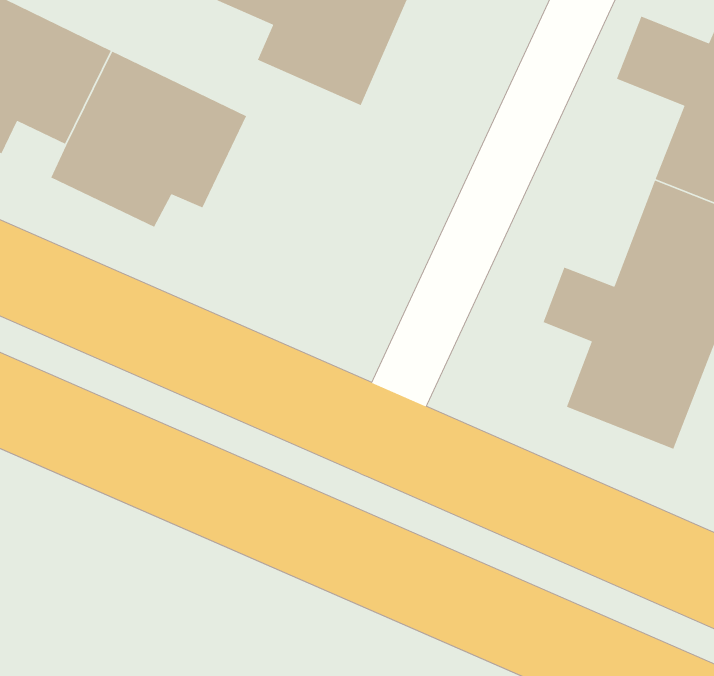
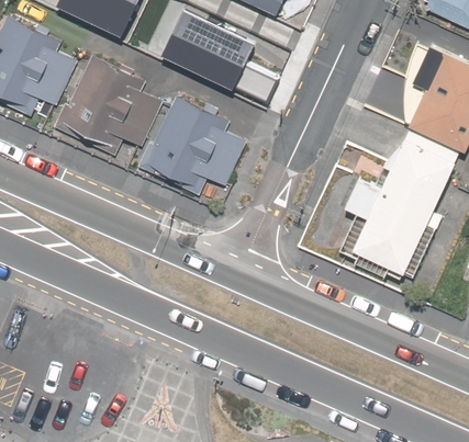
building: none -> [131,93,247,199]

